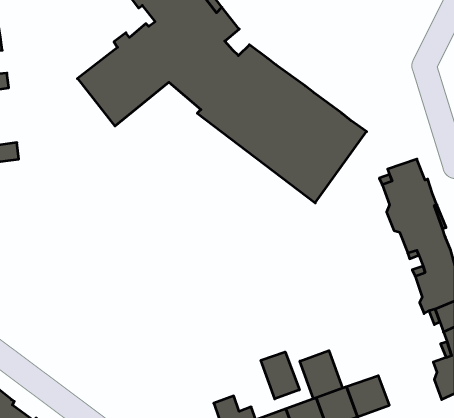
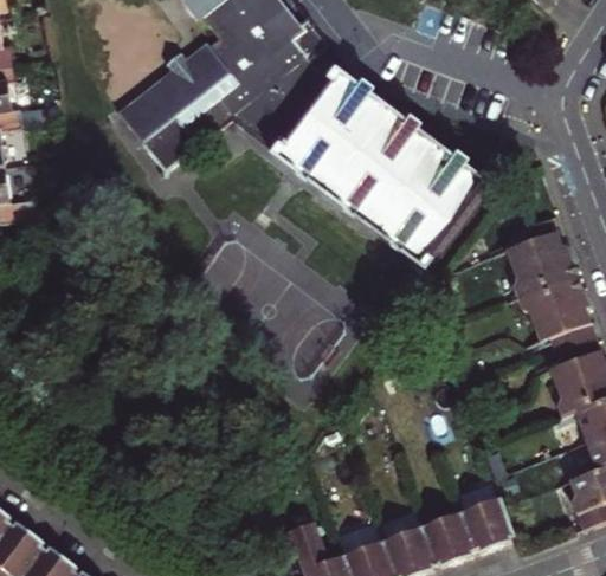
building: [300,351,343,399] -> none
building: [261,352,299,399] -> none

